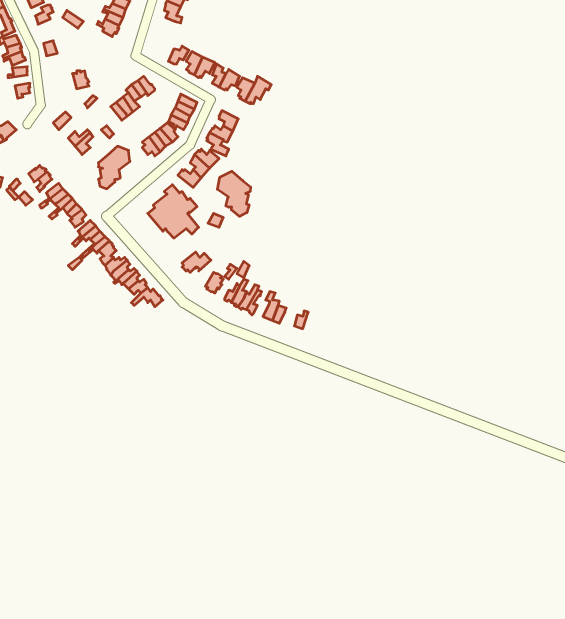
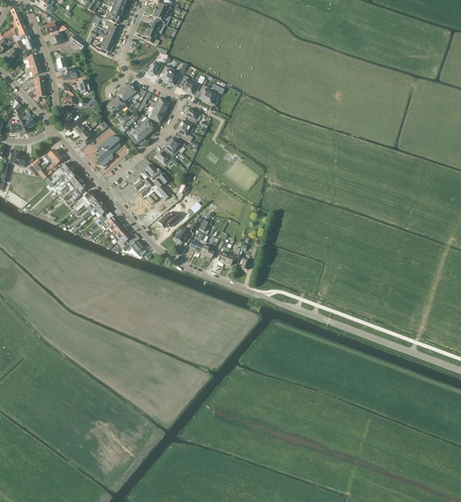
building: [217,171,251,216] -> none

